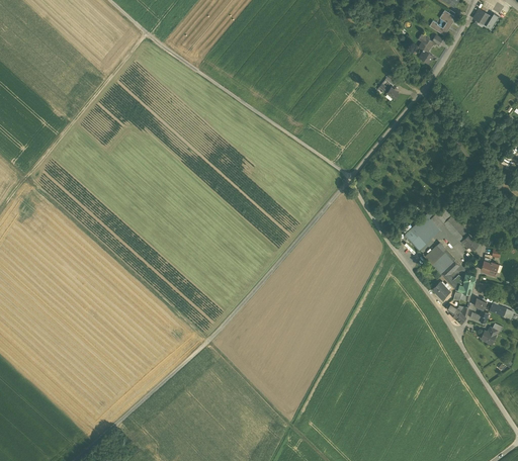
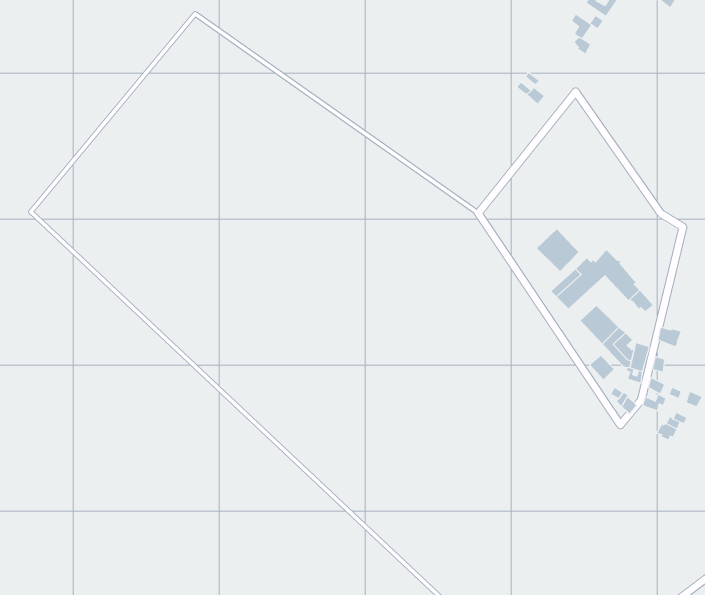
building: none -> [536,228,579,272]

